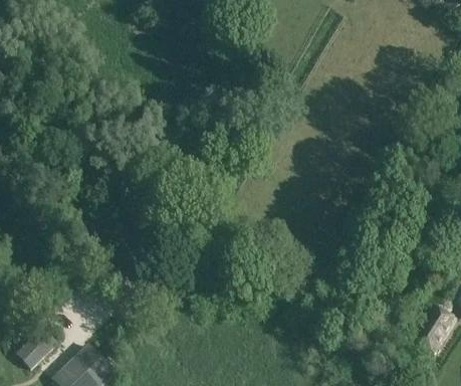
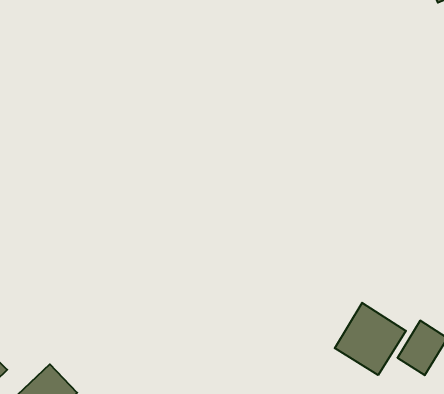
building: none -> [335,303,406,375]

